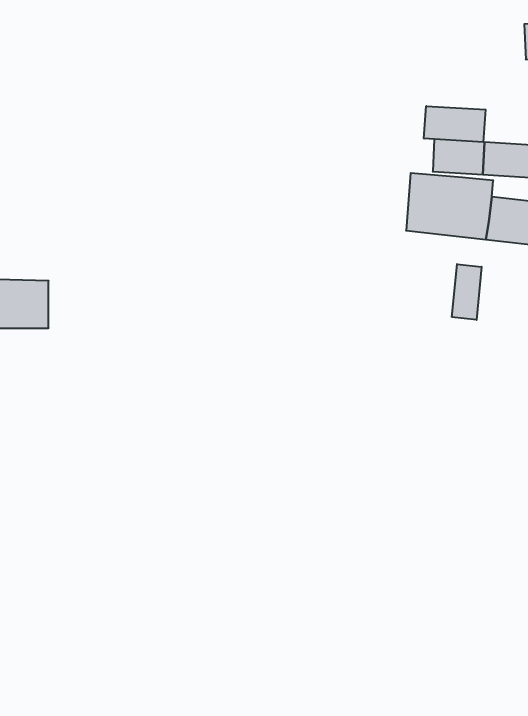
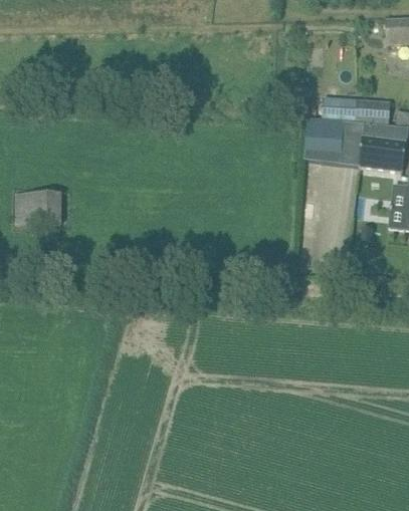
building: [424,106,486,142] -> none
building: [452,264,482,320] -> none

